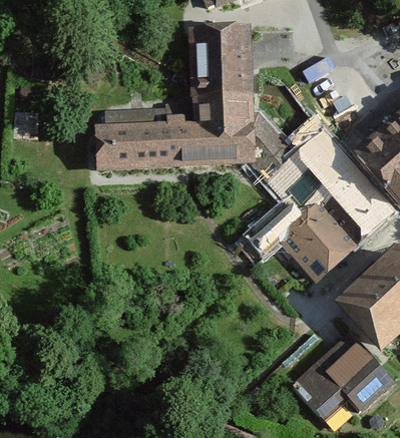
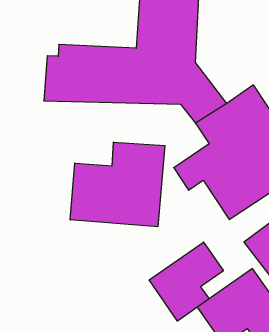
building: none -> [70,142,165,227]
building: none -> [149,242,223,321]

